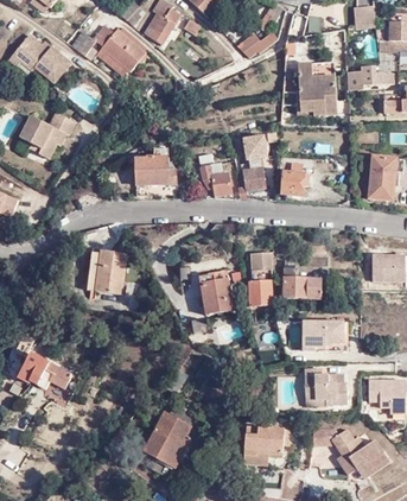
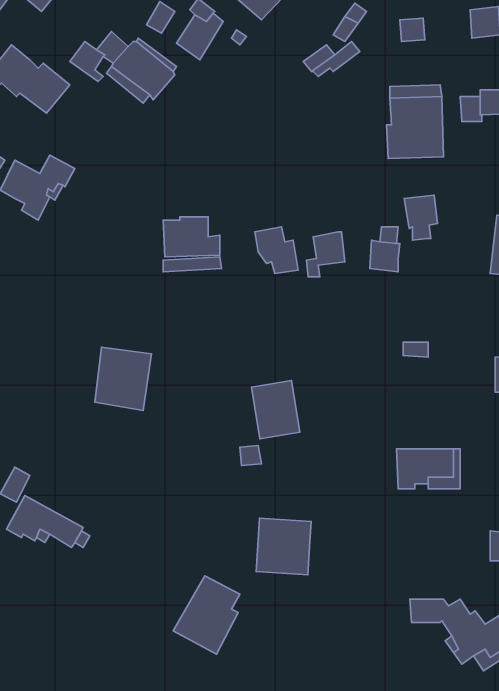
building: [244,135,268,167] -> [404,195,438,240]
building: [249,251,273,305] -> none
building: [284,265,323,292] -> none
building: [305,374,348,405] -> none
building: [241,427,280,468] -> [256,518,311,575]

